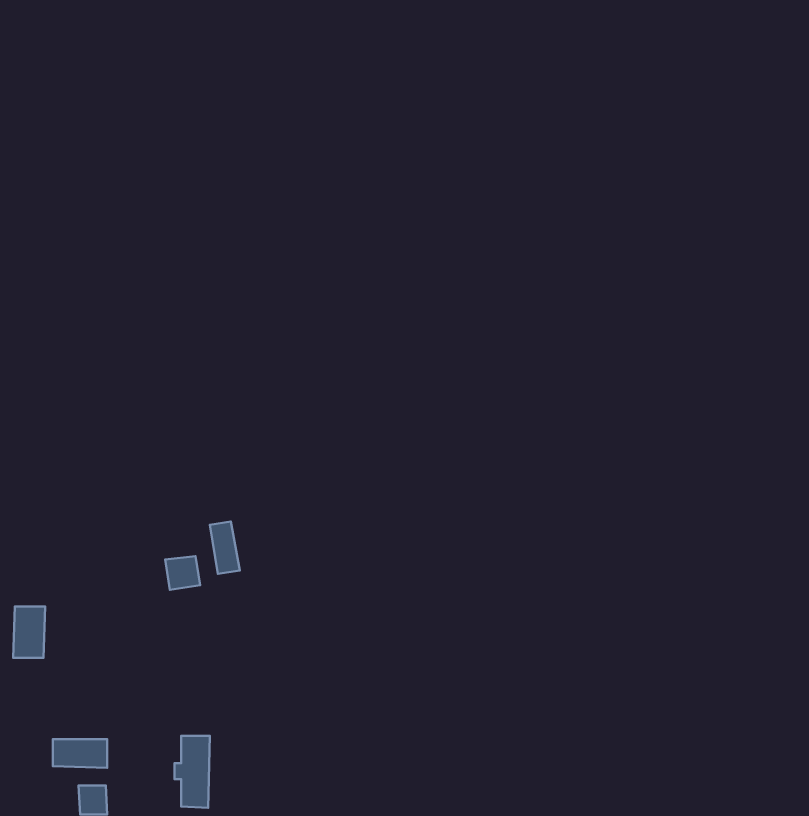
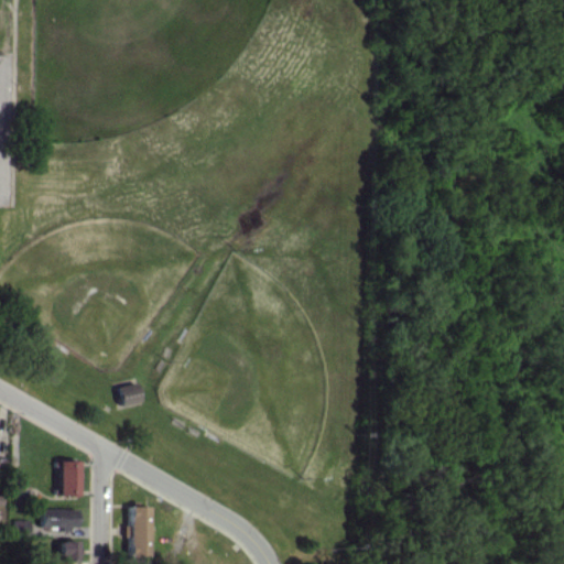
building: [210,521,240,574] -> none
building: [13,606,45,658] -> [59,462,82,497]

